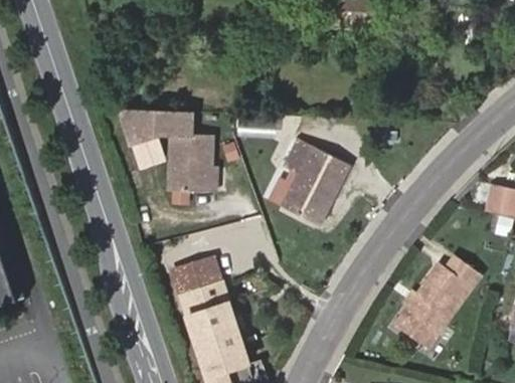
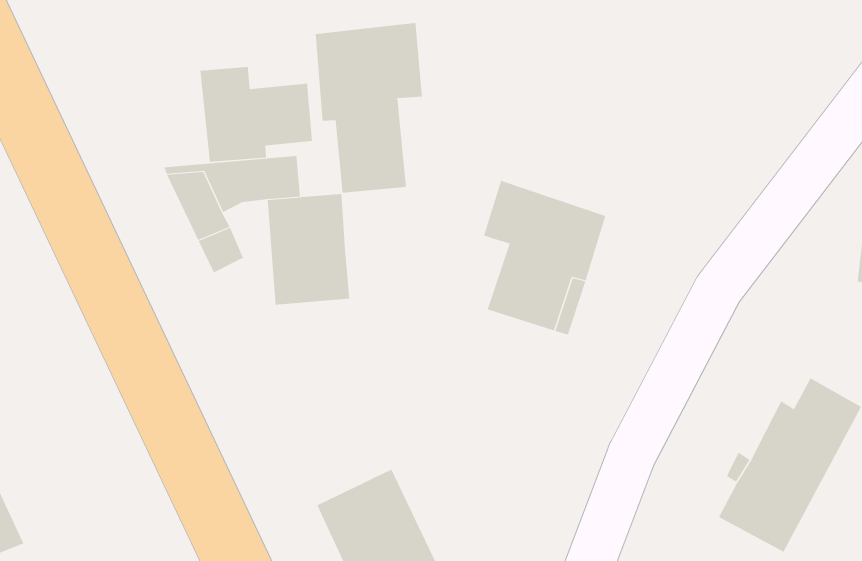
building: none -> [315,22,422,193]
building: none -> [200,66,313,162]
building: [168,257,219,297] -> none

